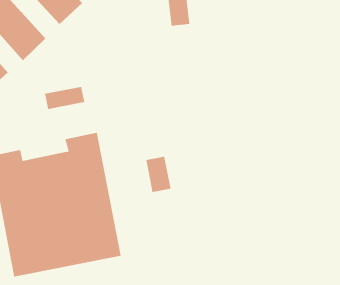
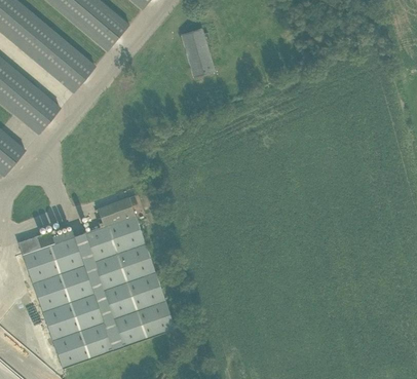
building: [44,86,85,110] -> none
building: [146,156,171,193] -> none

